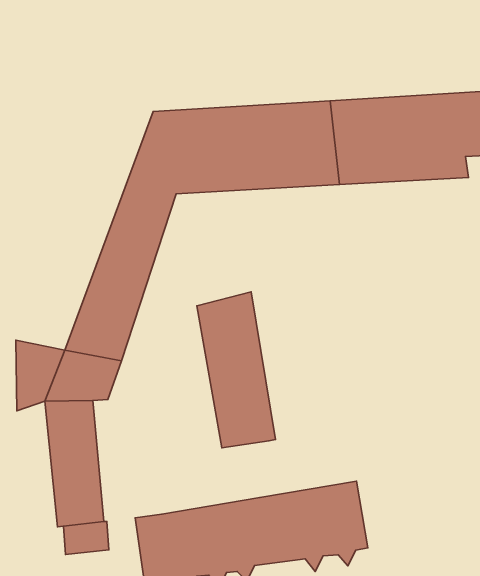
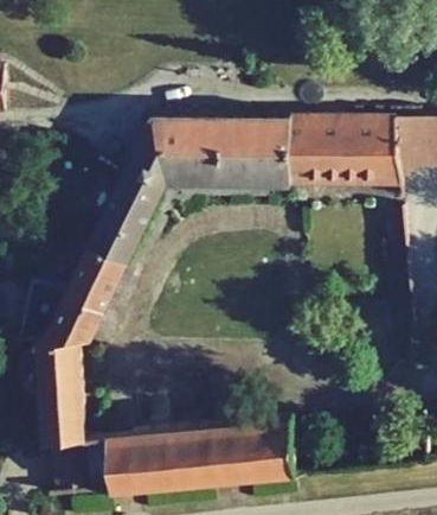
building: [197,292,276,448] -> none

